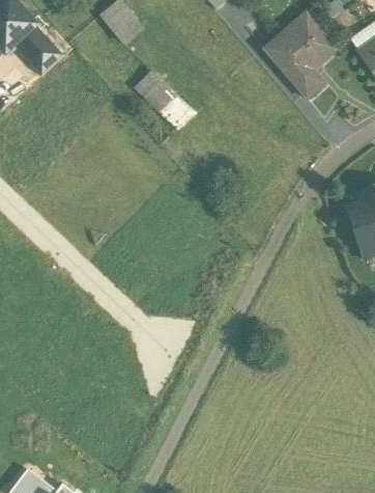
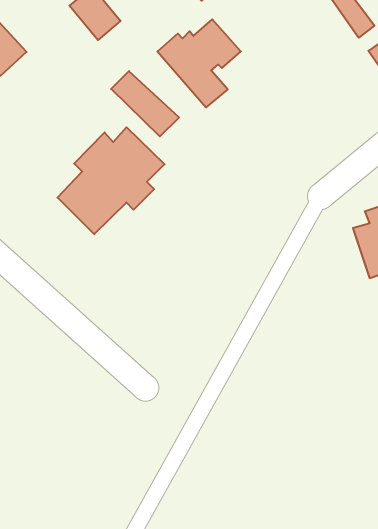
building: [263,19,336,95] -> [157,19,241,107]
building: none -> [57,127,165,234]

